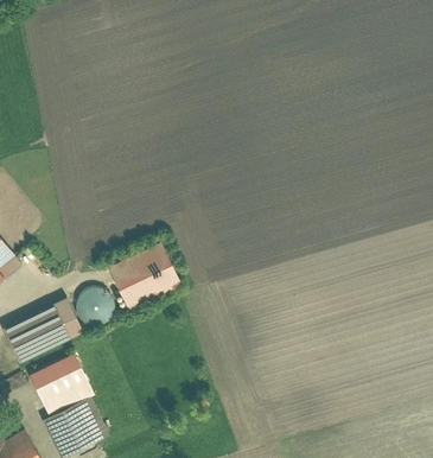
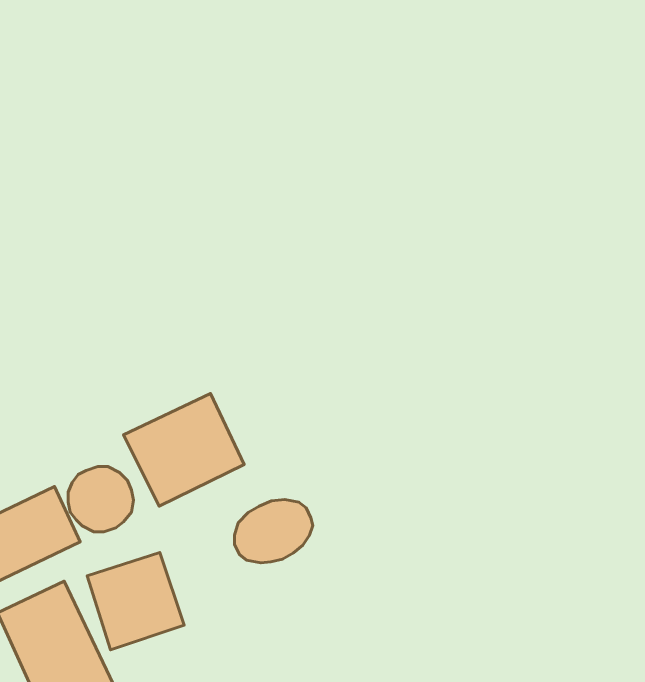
building: none -> [235,500,313,563]
building: none -> [87,553,184,650]

